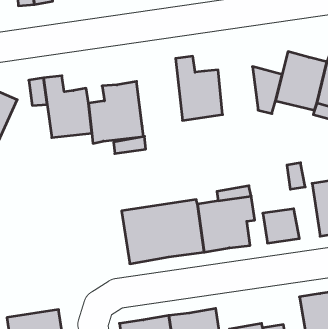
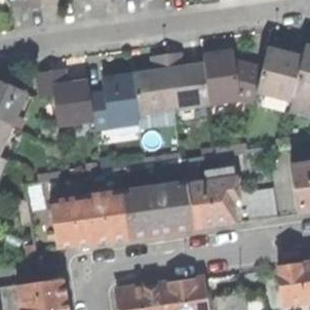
building: none -> [203,49,241,104]
building: none -> [132,53,173,114]
building: none -> [49,190,126,247]

